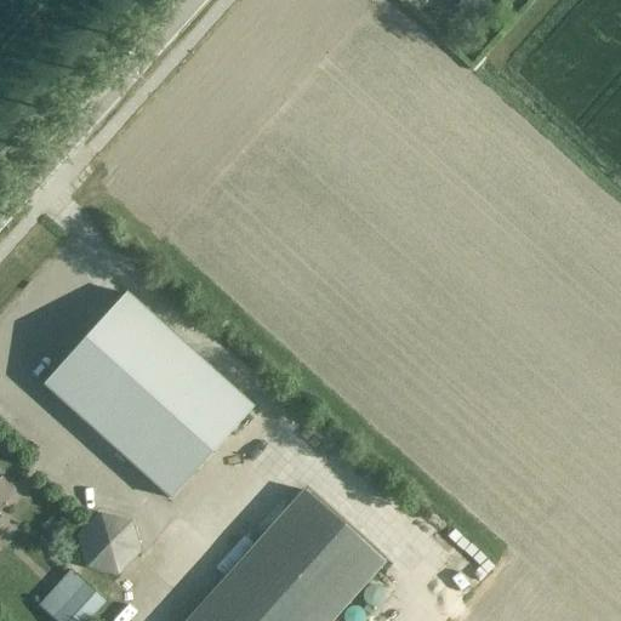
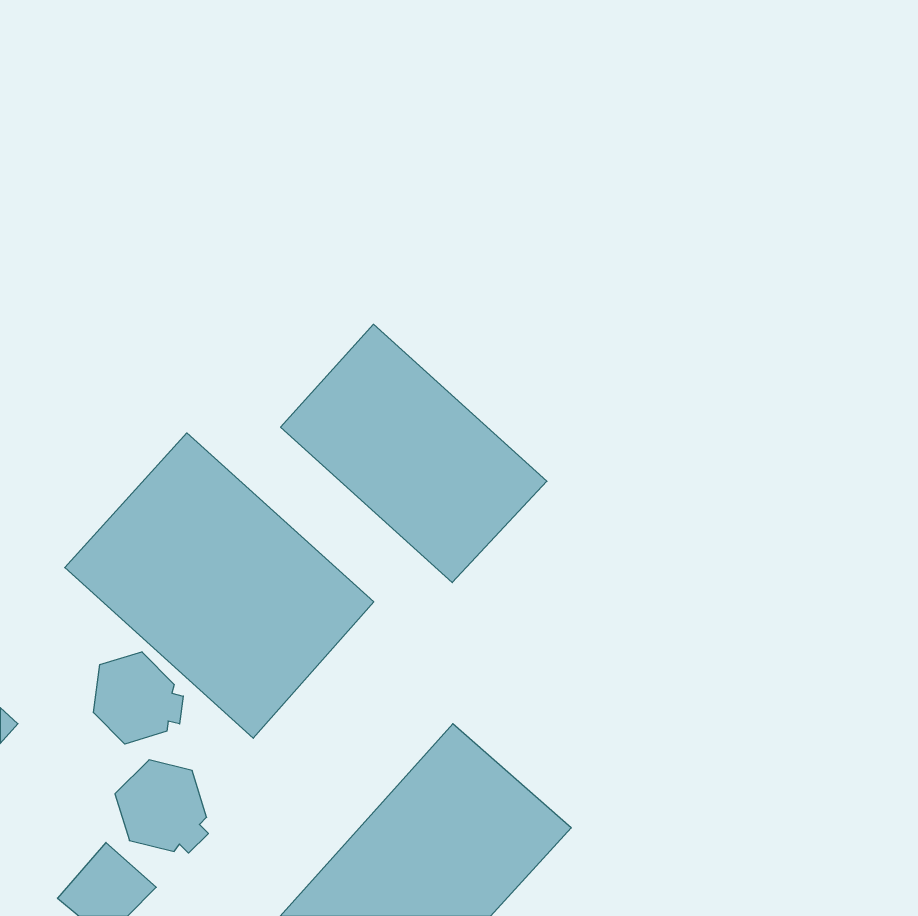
building: none -> [281,324,547,583]
building: none -> [93,652,183,744]

